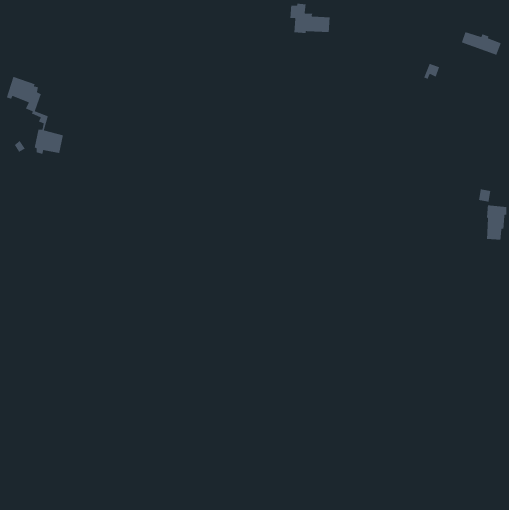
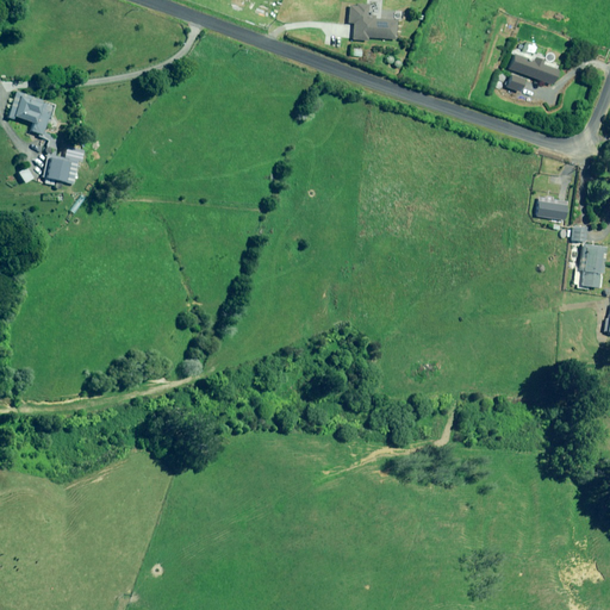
building: [461,31,502,56] -> [511,55,560,85]
building: none -> [536,197,569,220]

